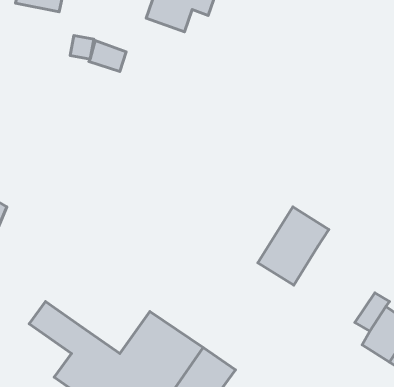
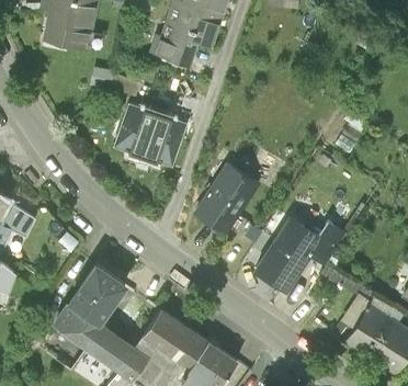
building: none -> [115,105,185,163]
building: none -> [204,173,252,229]
building: none -> [308,224,342,263]
building: none -> [68,264,127,325]

